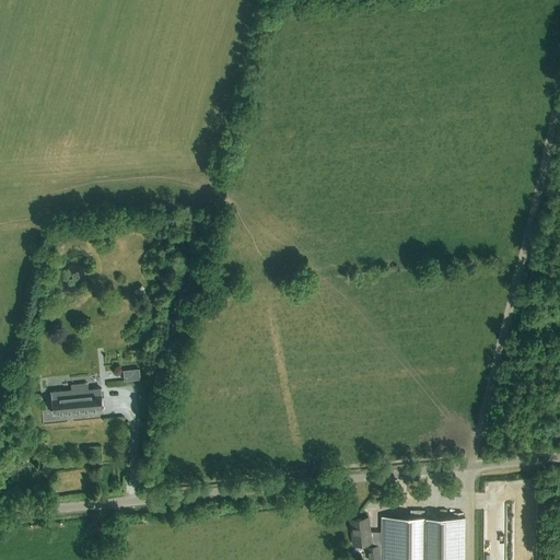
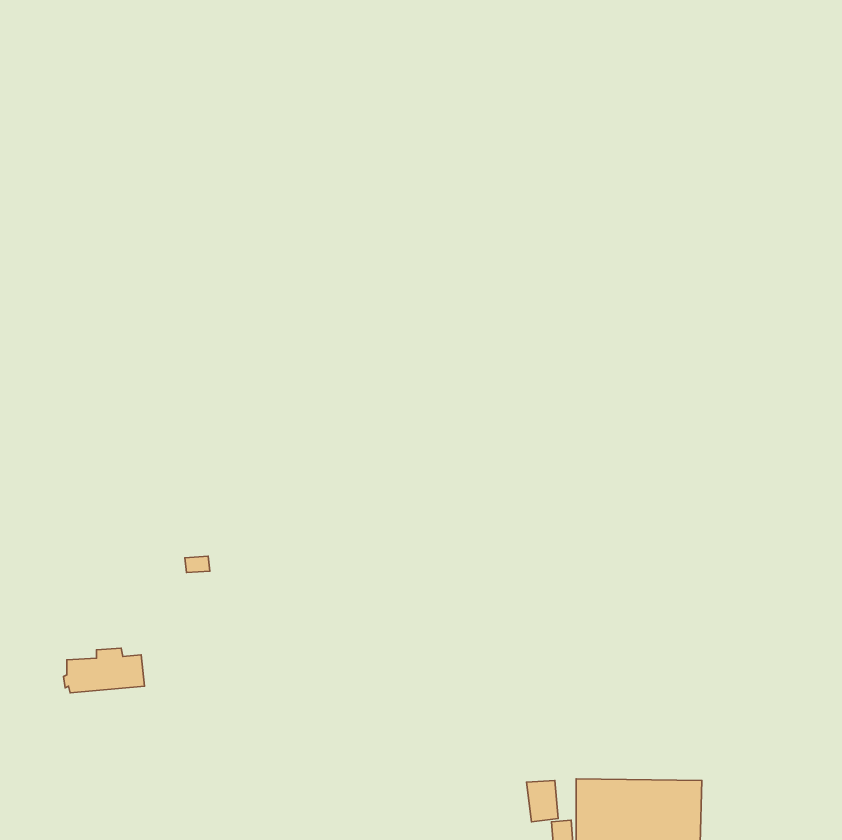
building: [48,386,102,416] -> [63,648,144,693]

